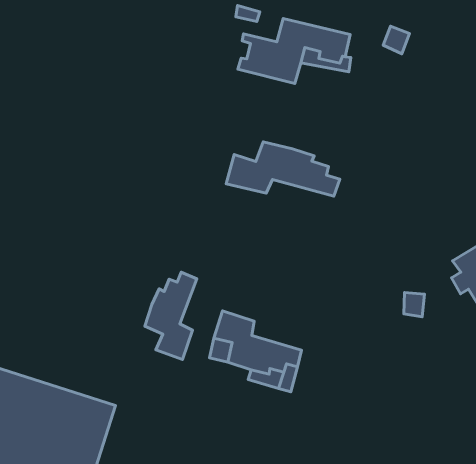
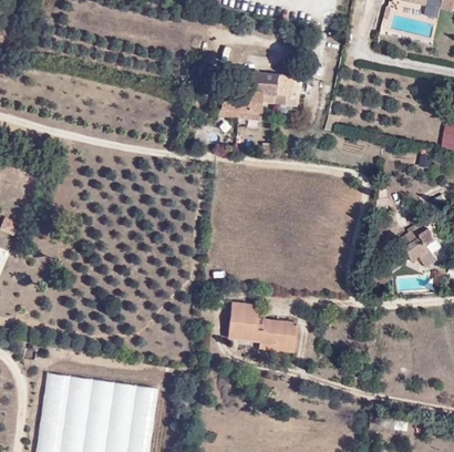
building: [226,142,340,196] -> none
building: [145,272,197,359] -> none

